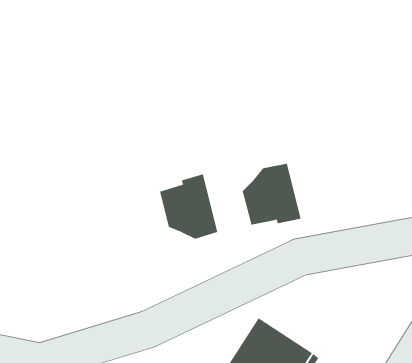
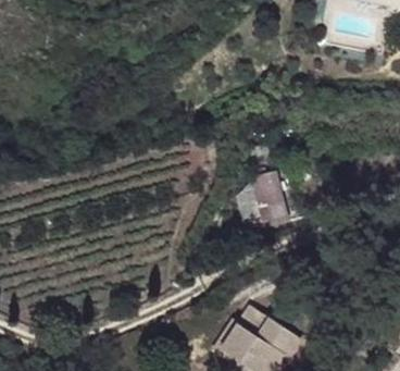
building: [160,173,218,240] -> none

